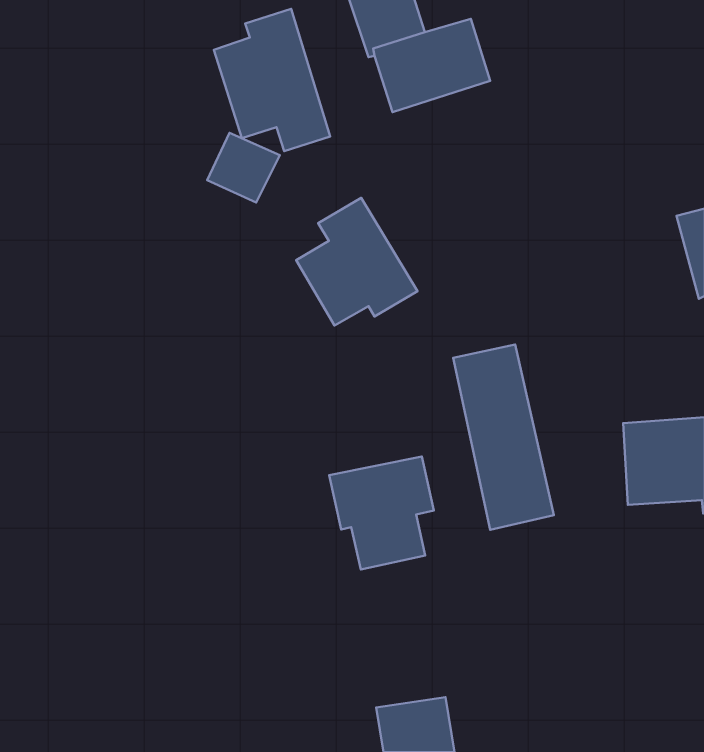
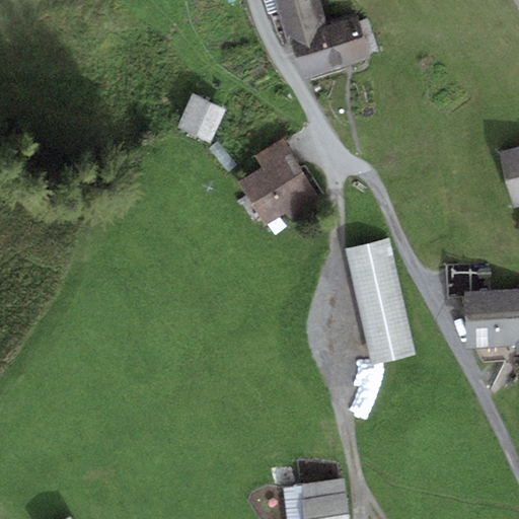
building: [214,9,330,151] -> none
building: [329,456,434,569] -> none

